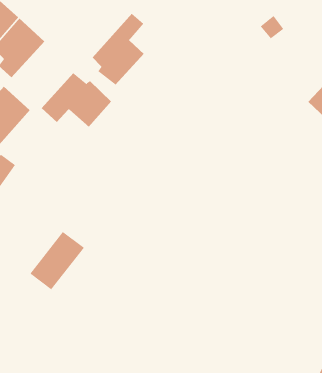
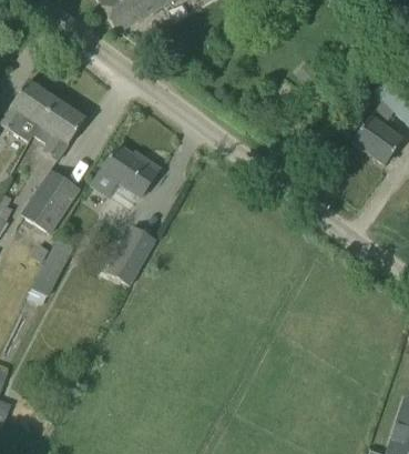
building: [92,13,144,86] -> none
building: [29,231,85,290] -> [105,225,156,285]

